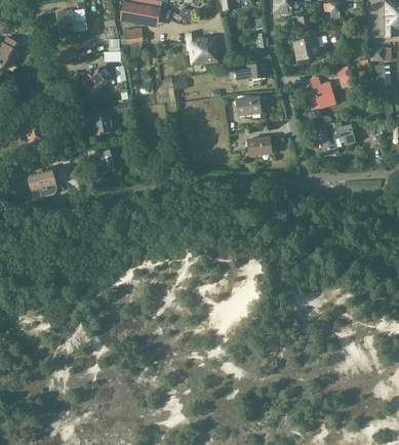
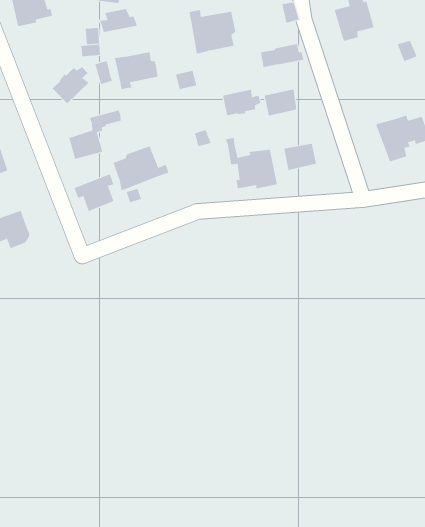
building: none -> [114,52,158,90]
building: [307,78,334,109] -> none
building: none -> [222,89,261,116]
building: none -> [225,137,277,189]
building: none -> [113,145,169,191]

